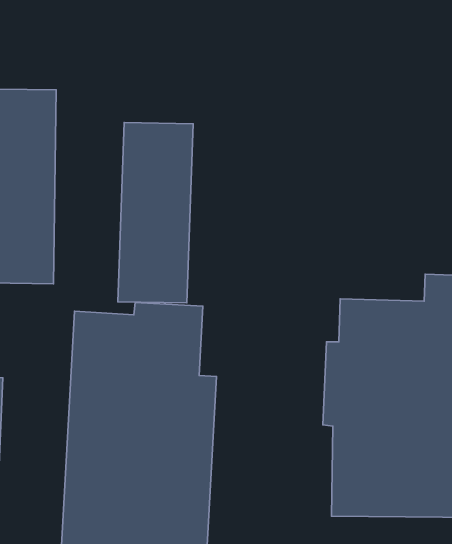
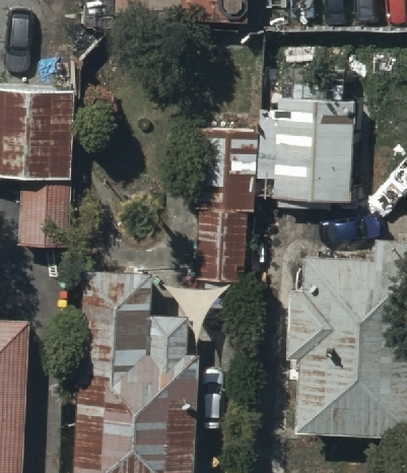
building: none -> [258,87,357,196]
building: [118,122,193,303] -> [193,122,255,270]

